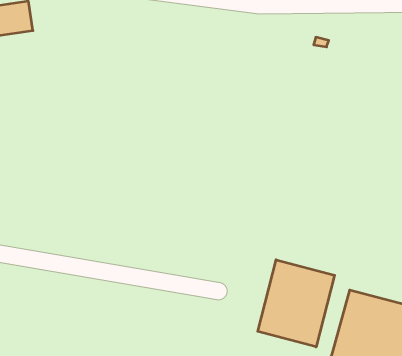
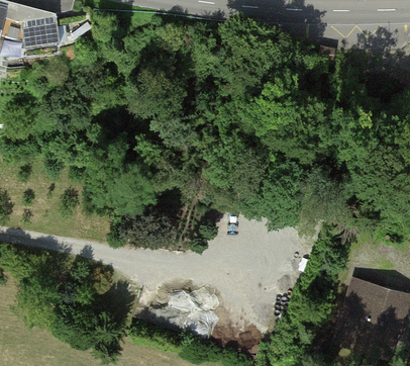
building: [258,260,335,347] -> none

